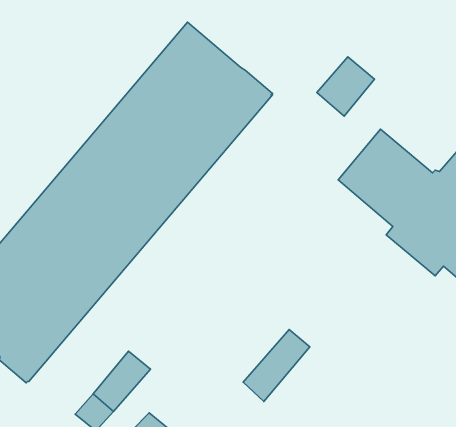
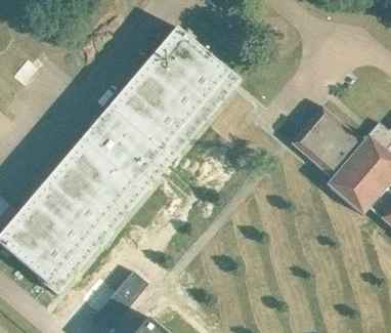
building: [317,57,375,116] -> none
building: [243,329,310,401] -> none

